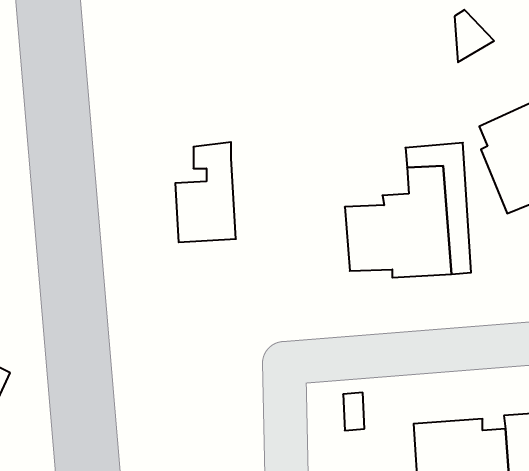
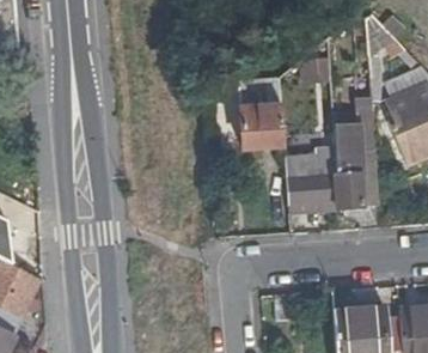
building: [175,142,236,242] -> [240,77,285,150]

